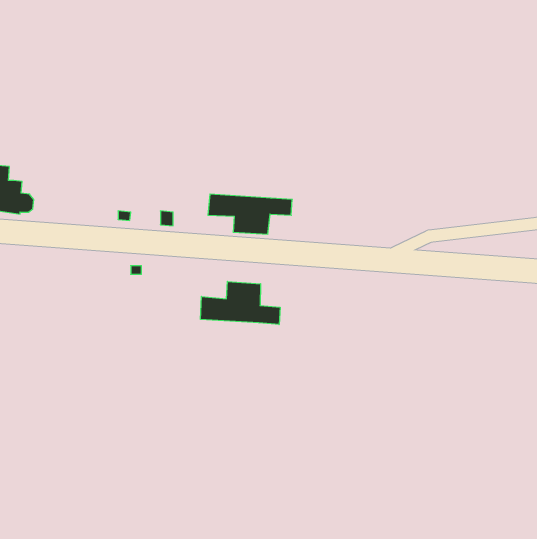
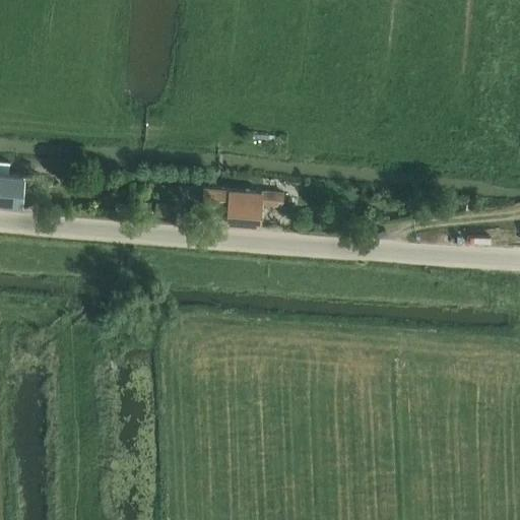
building: [201,281,280,325] -> none

